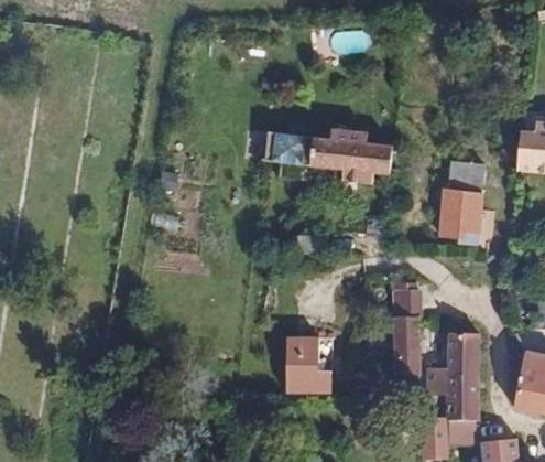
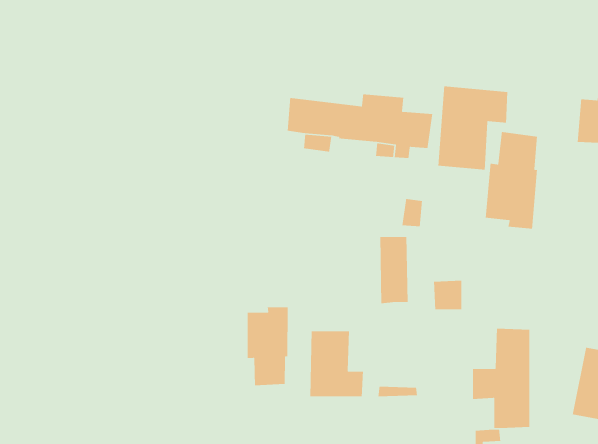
building: none -> [438,85,508,170]
building: none -> [247,306,289,386]
building: [394,316,419,376] -> [379,236,408,304]

